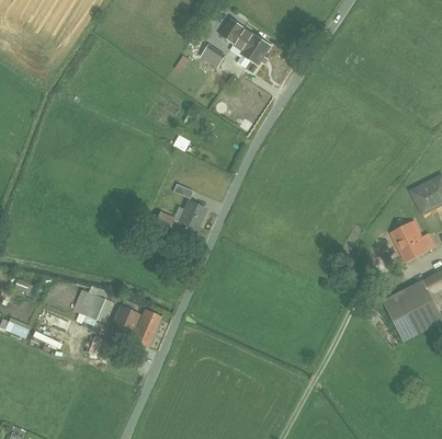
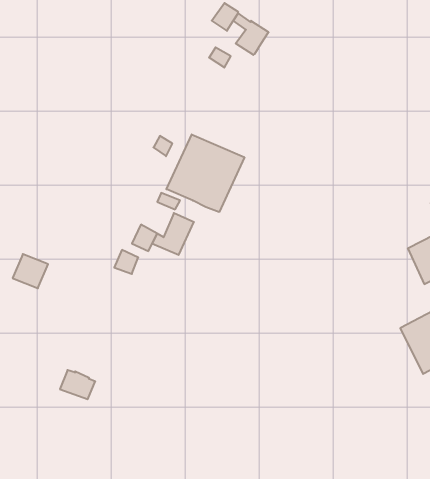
building: none -> [166,134,244,212]
building: [79,291,110,321] -> [13,254,48,288]
building: [109,305,160,347] -> none

